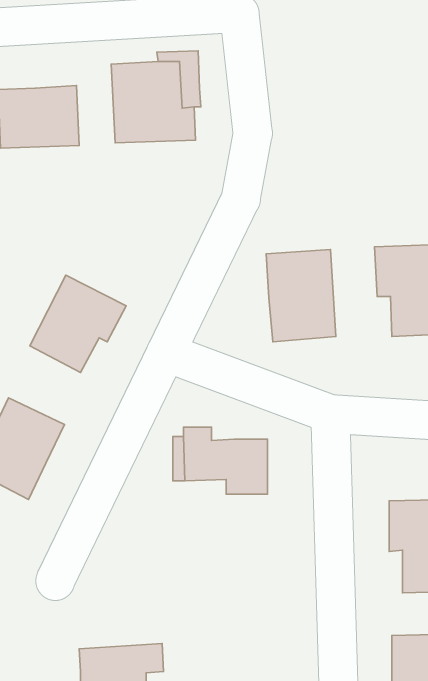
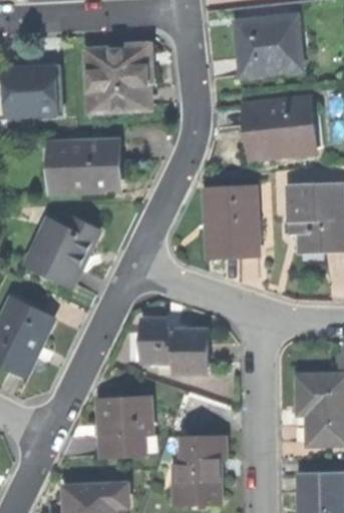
building: none -> [236,14,299,71]
building: none -> [243,96,312,156]
building: none -> [51,142,120,189]
building: none -> [100,398,152,457]
building: none -> [173,436,224,503]

